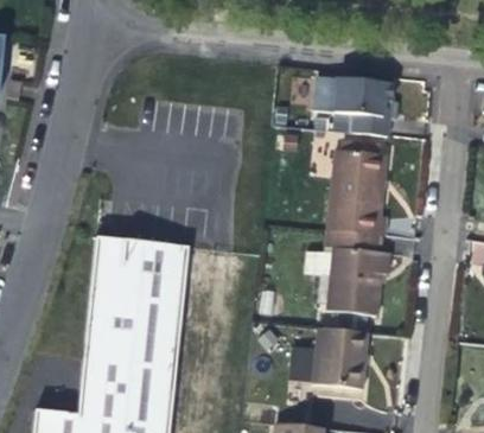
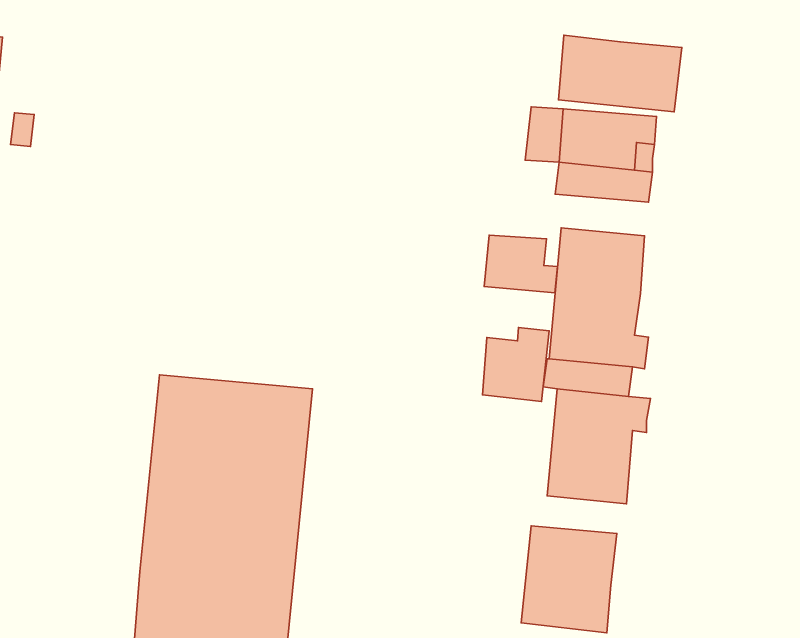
building: none -> [559,35,682,112]
building: none -> [484,235,558,293]
building: none -> [483,327,549,401]

